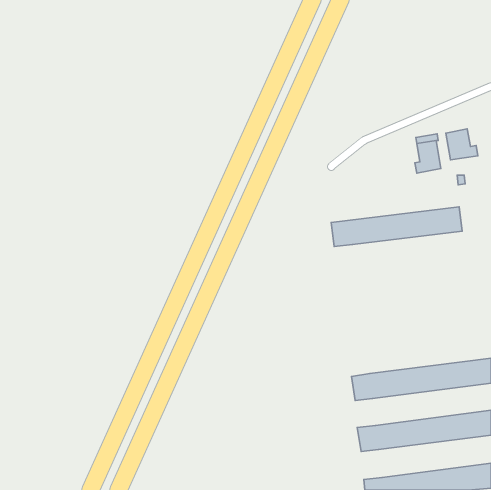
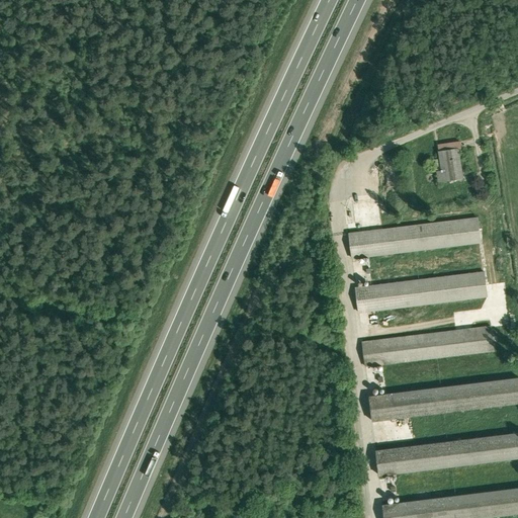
building: [446,129,478,160] -> none
building: none -> [355,271,491,312]
building: none -> [362,325,496,367]

